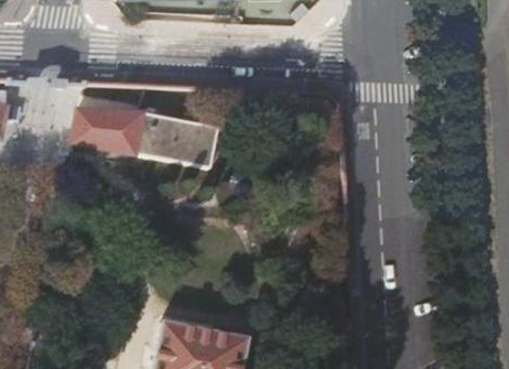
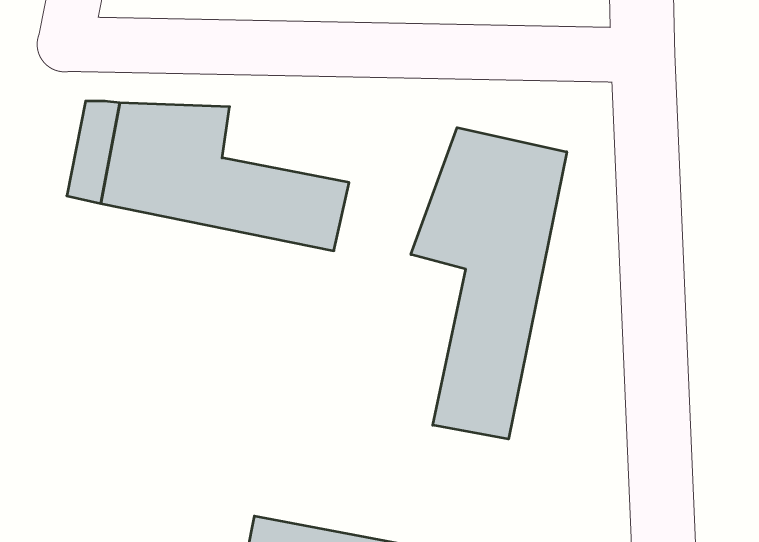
building: none -> [411,128,567,439]

